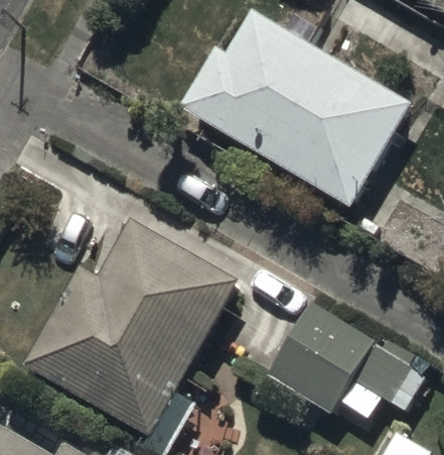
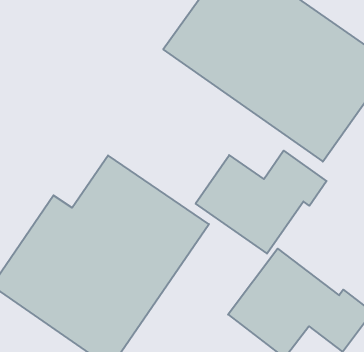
building: none -> [196,151,327,254]

